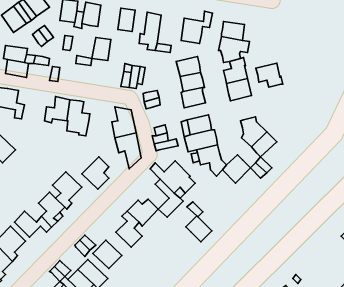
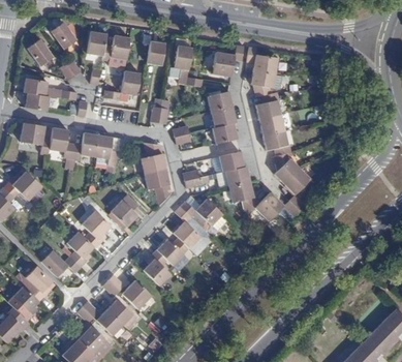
building: [256,63,283,87] -> [262,130,290,155]
building: none -> [49,127,73,156]
building: [186,202,212,242] -> [173,206,199,247]

